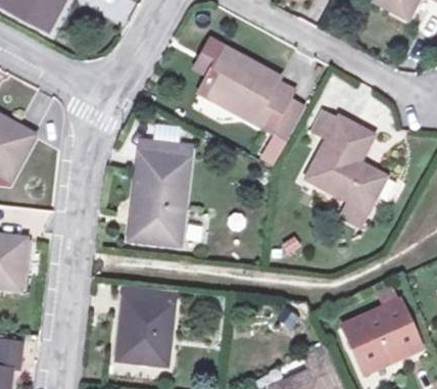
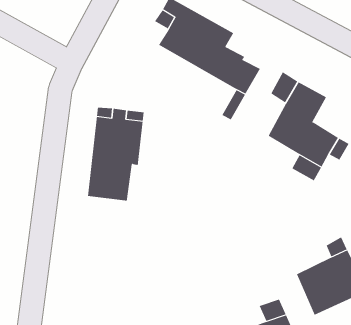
building: [114,288,168,361] -> none

